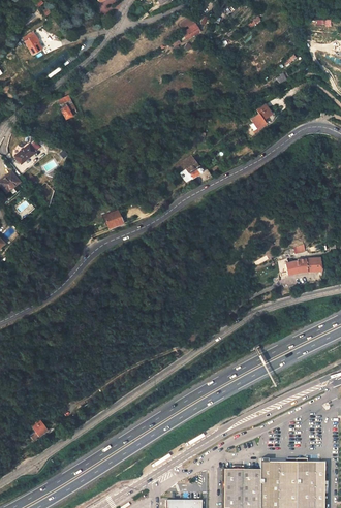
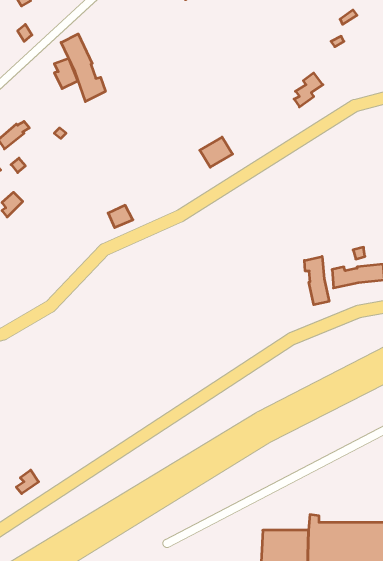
building: none -> [61,34,105,102]
building: none -> [304,256,329,305]

